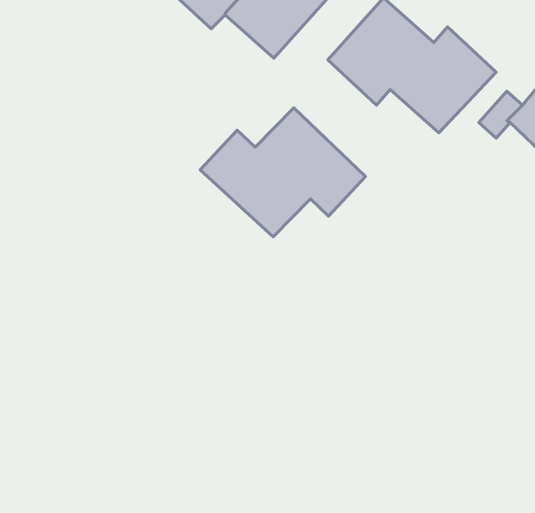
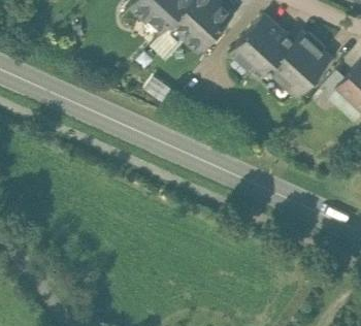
building: [200,108,365,237] -> none

